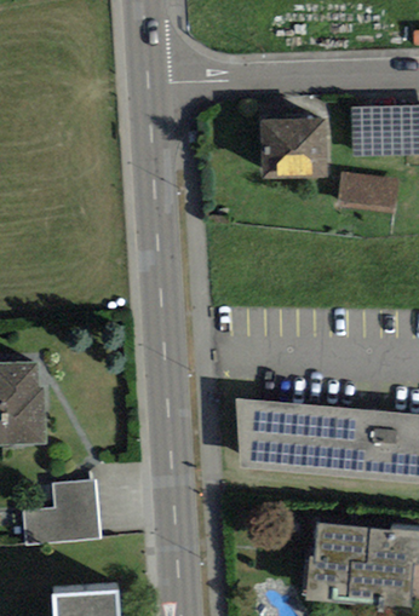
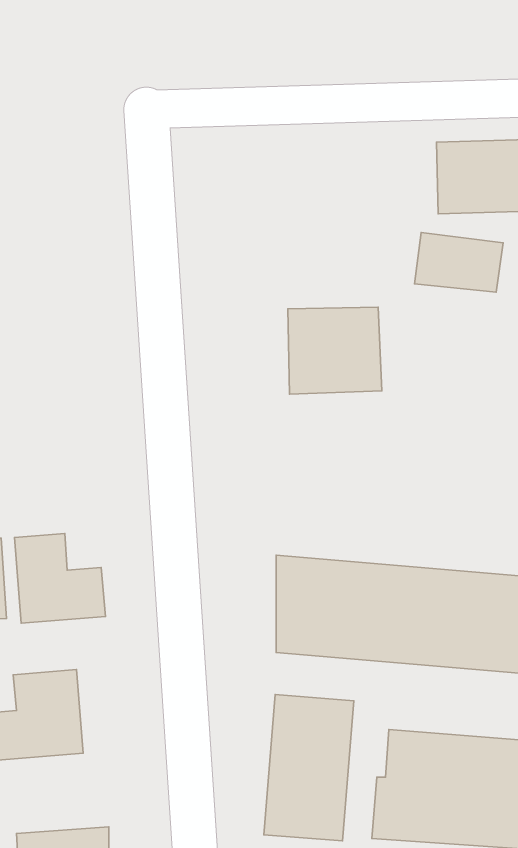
building: [260,116,327,178] -> [288,307,382,394]
building: none -> [14,533,106,623]
building: none -> [264,695,354,841]

